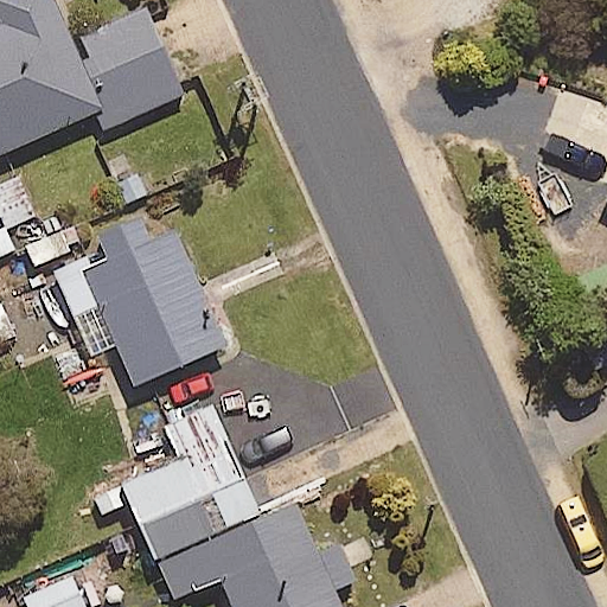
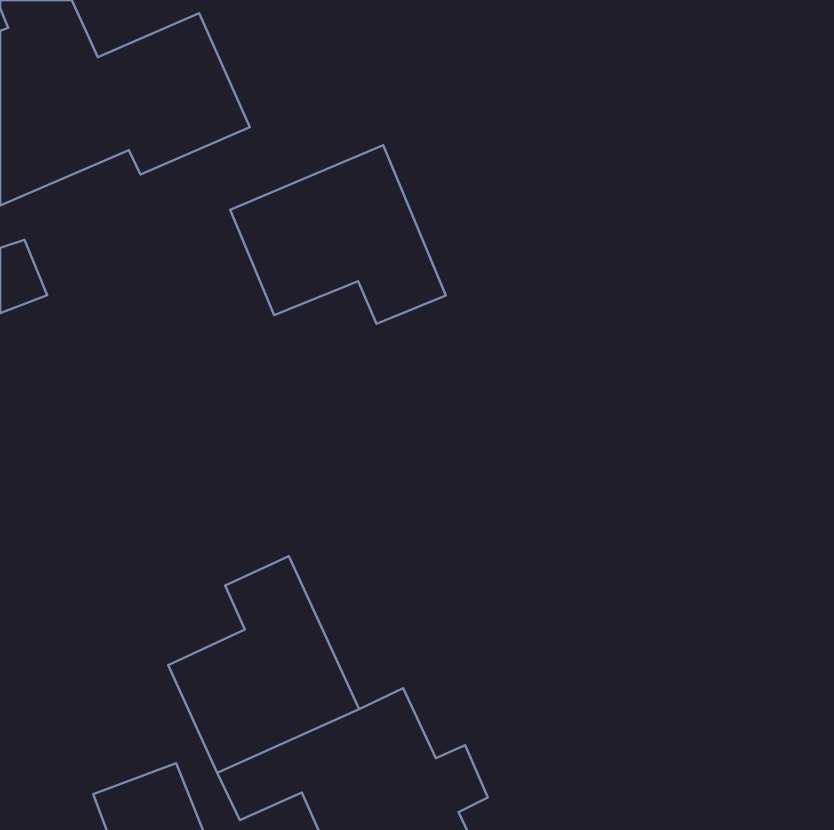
building: none -> [230,145,446,324]
building: [55,205,222,384] -> none

